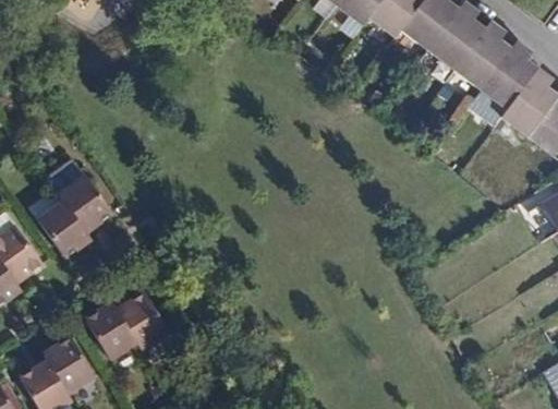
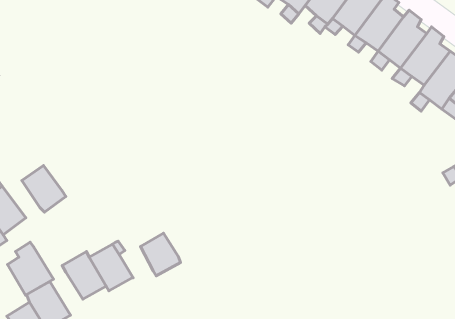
building: [59,175,112,230] -> none
building: none -> [140,233,180,276]
building: none -> [7,242,53,295]

